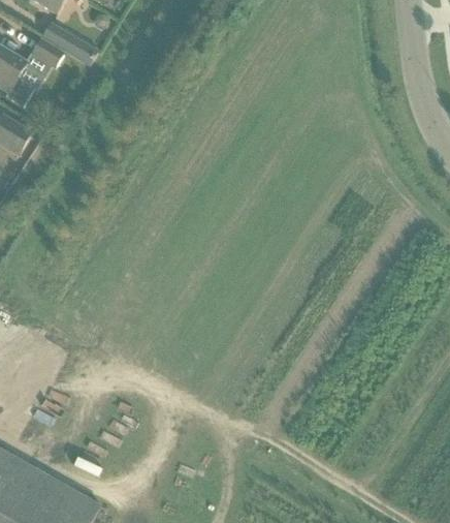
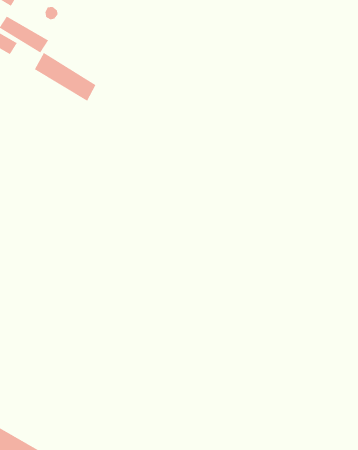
building: none -> [34,52,96,102]

